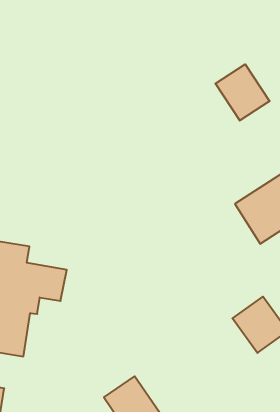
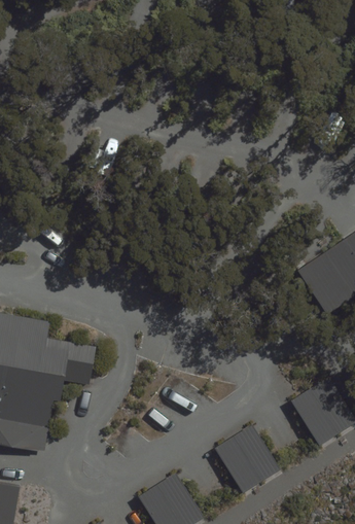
building: [215,64,270,121] -> none
building: none -> [214,424,279,491]

